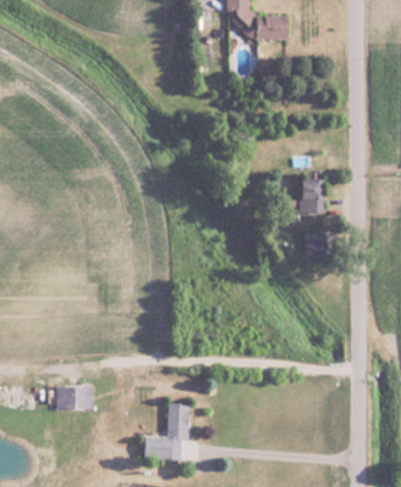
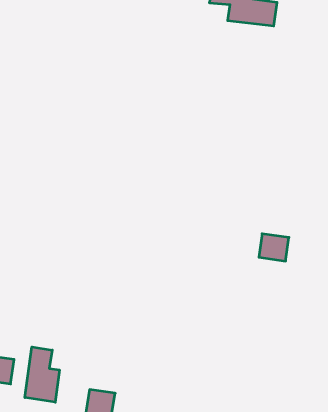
building: [300,181,324,214] -> none
building: none -> [25,347,59,402]

